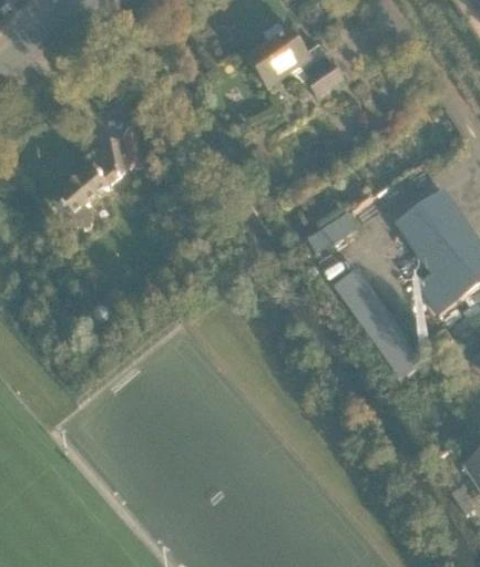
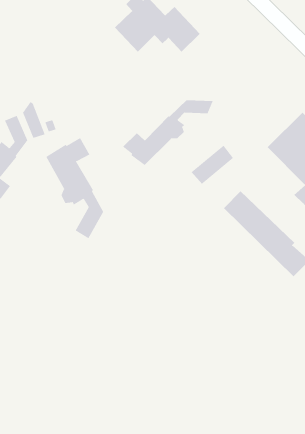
building: none -> [122,99,213,166]
building: none -> [45,137,104,239]

